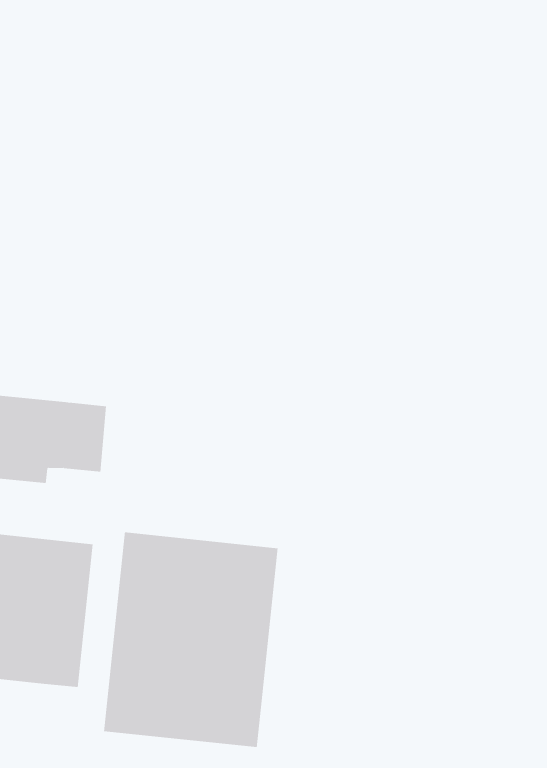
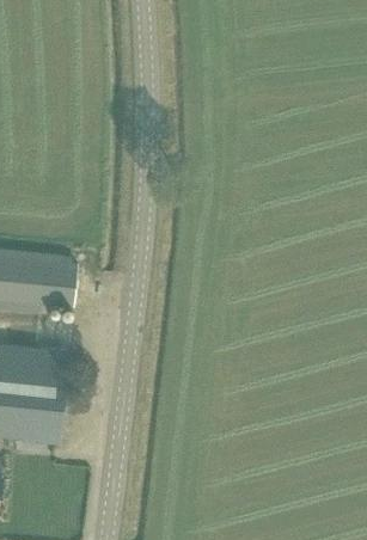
building: [104,532,278,748] -> none

